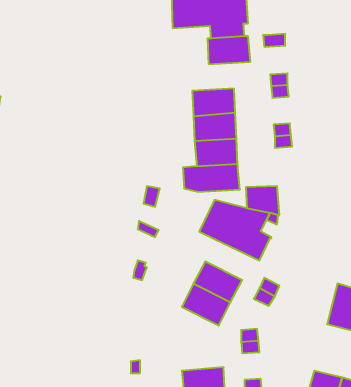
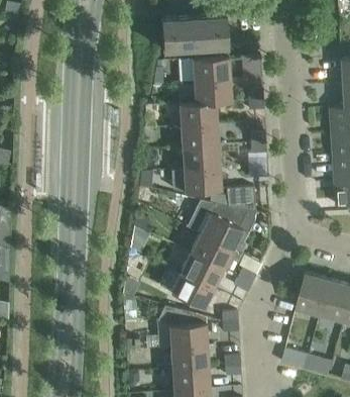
building: none -> [194,81,231,105]
building: none -> [191,235,238,273]
building: none -> [157,307,207,350]

